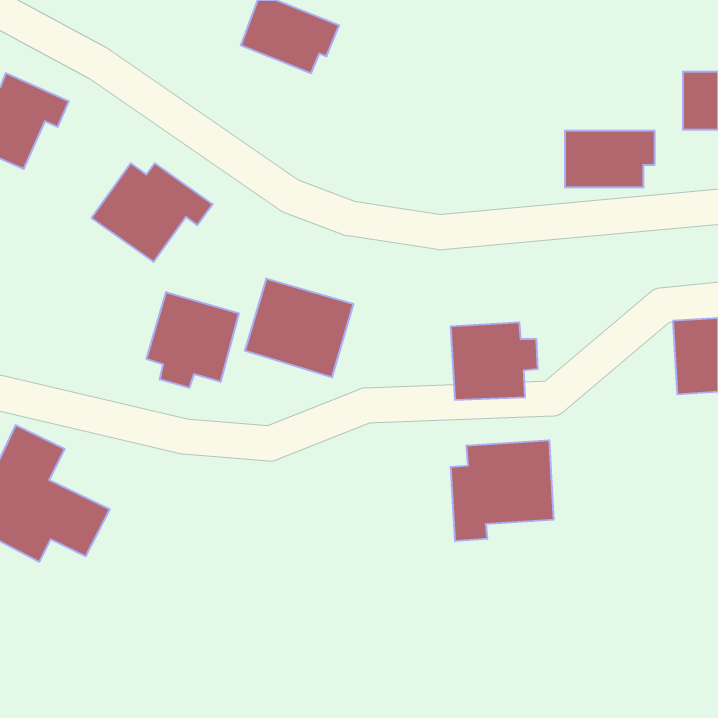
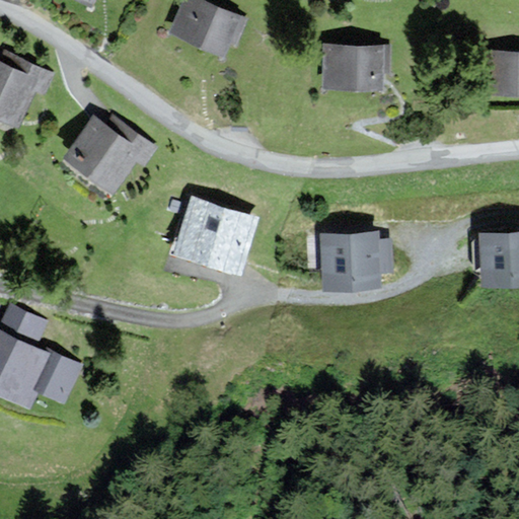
building: [565,131,655,187] -> [323,47,388,87]
building: [147,292,239,388] -> none
building: [451,440,554,541] -> none

